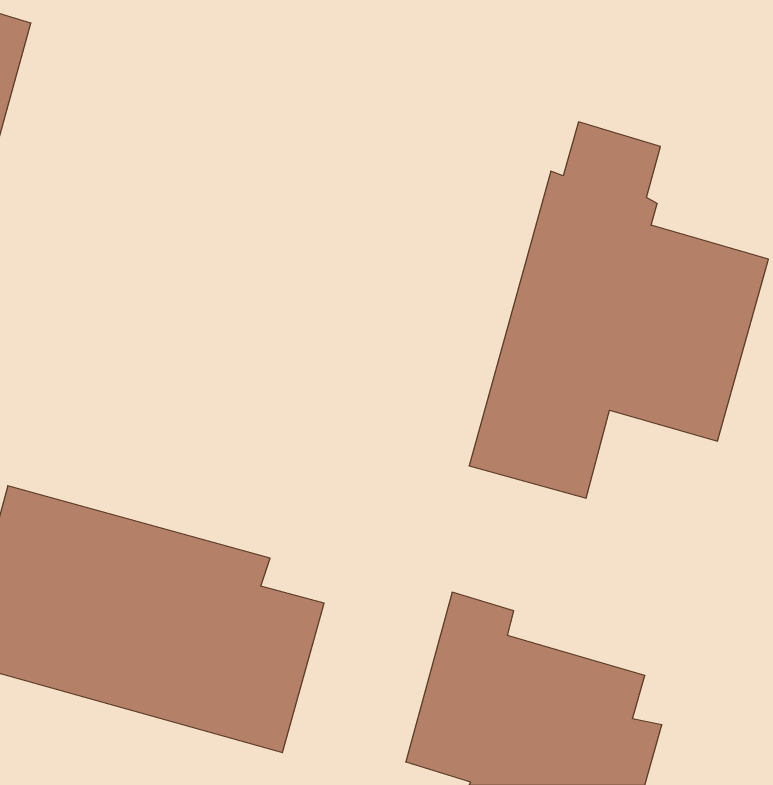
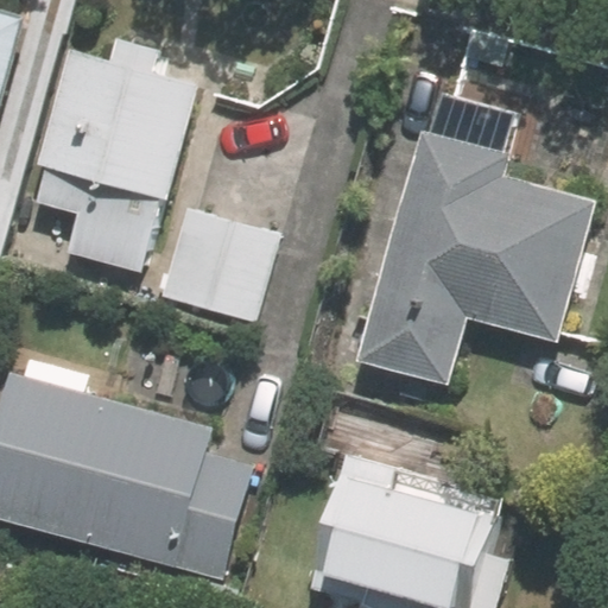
building: none -> [34,53,198,272]
building: none -> [160,204,274,318]

